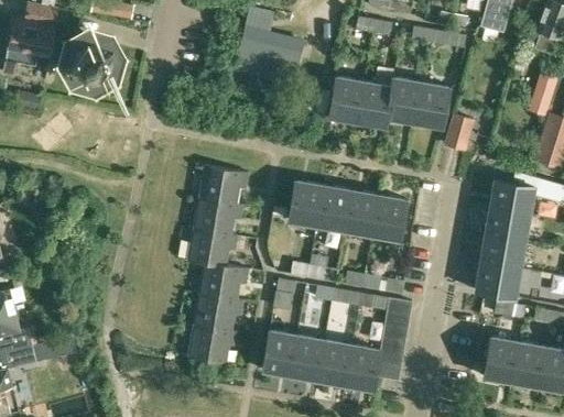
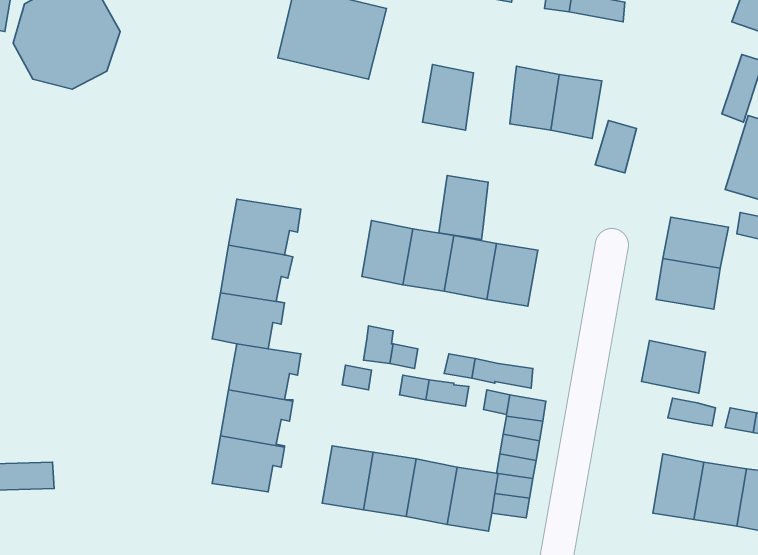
building: [358,83,391,125] -> [439,175,488,240]
building: [481,234,524,270] -> none

